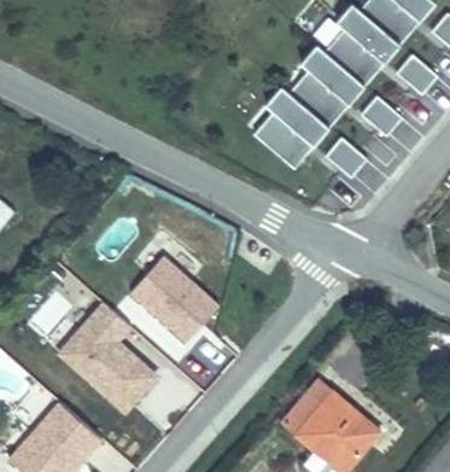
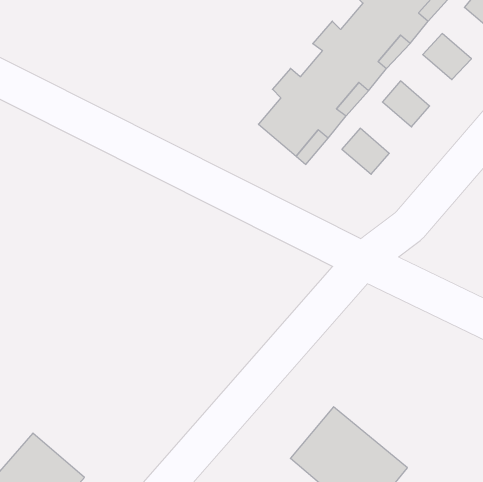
building: [129,255,221,344] -> none
building: [58,302,160,413] -> none

